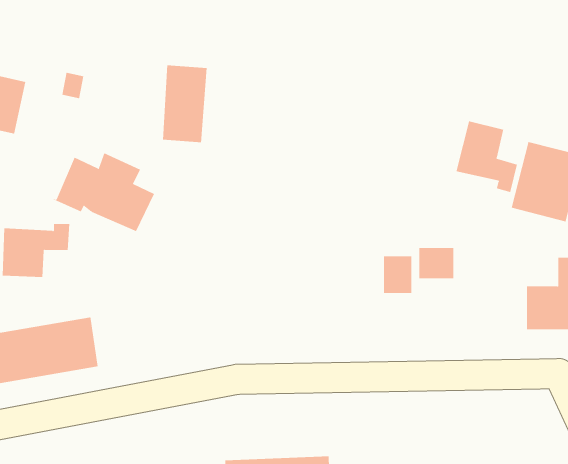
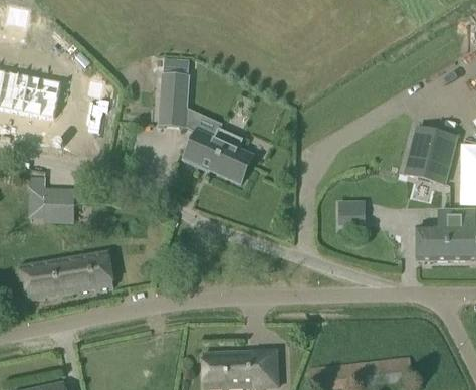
building: [456,121,517,193] -> none
building: [53,153,155,232] -> [181,126,253,182]
building: [384,255,412,294] -> none

